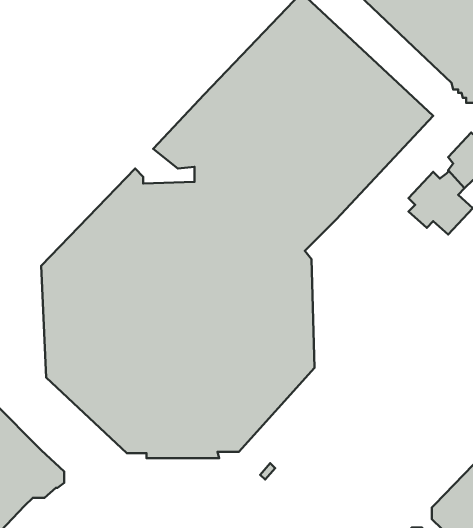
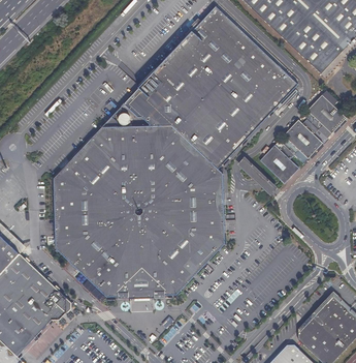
building: none -> [260,144,298,183]

